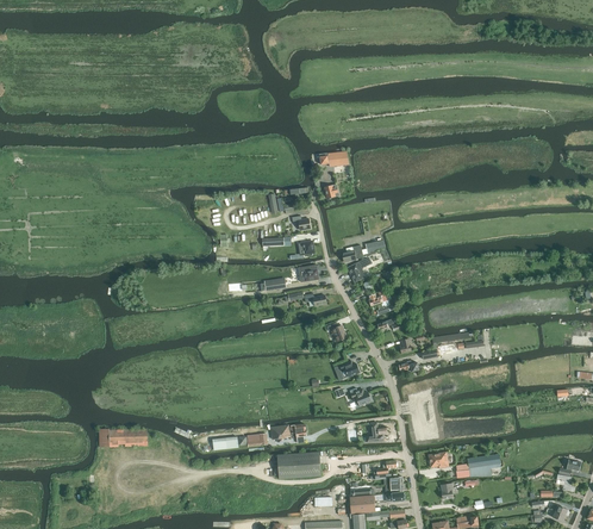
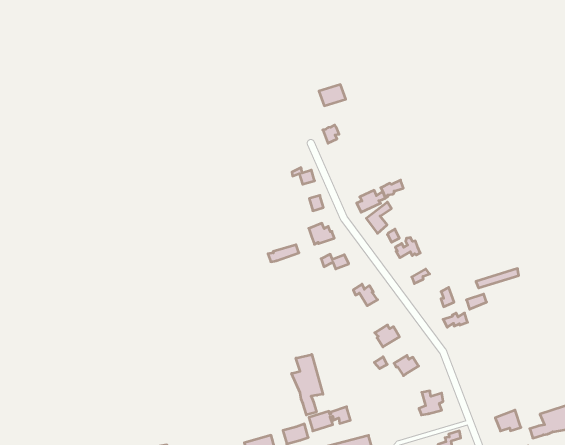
building: none -> [292,354,323,415]

